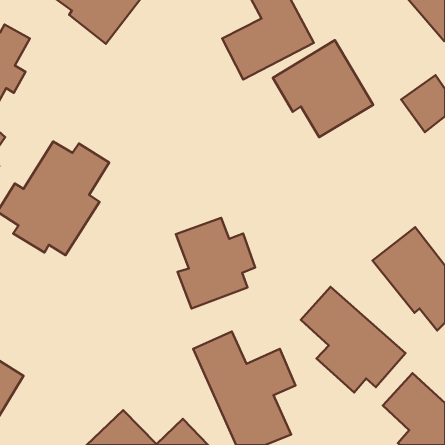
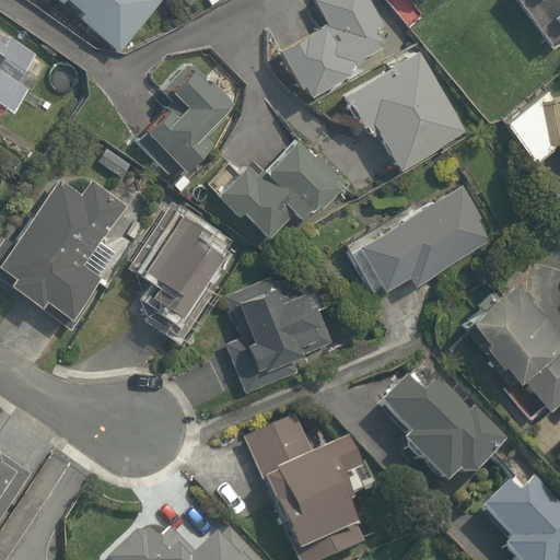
building: none -> [149,62,238,168]
building: none -> [224,143,353,243]
building: none -> [341,187,490,299]
building: none -> [136,202,244,339]

